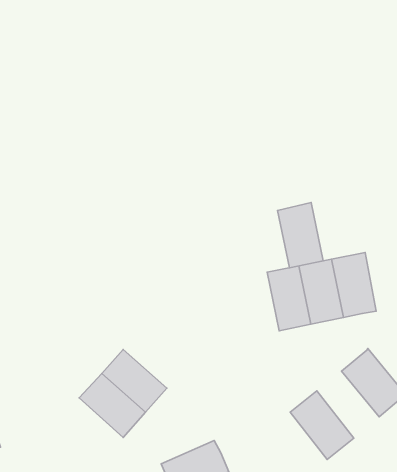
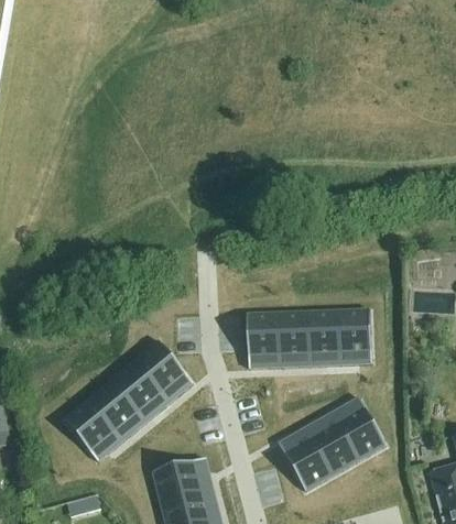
building: [277,202,323,268] -> [246,313,280,369]
building: none -> [134,341,193,403]
building: none -> [305,414,358,477]
building: none -> [63,399,121,461]

